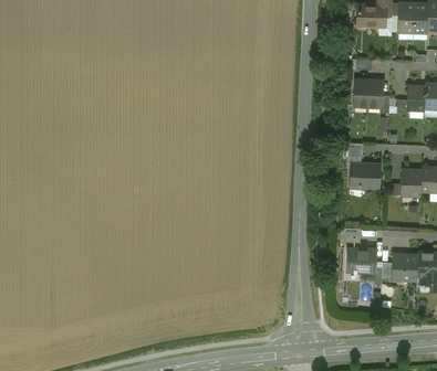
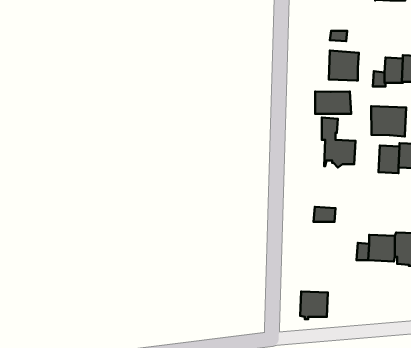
building: none -> [315,91,351,114]
building: none -> [371,106,406,136]
building: [348,247,375,274] -> [300,291,328,319]

